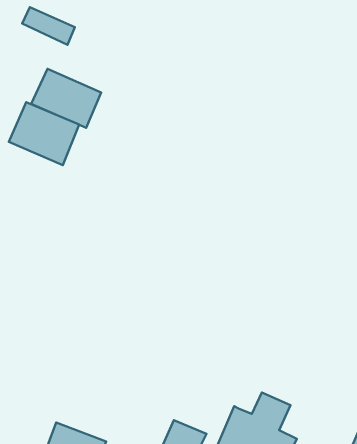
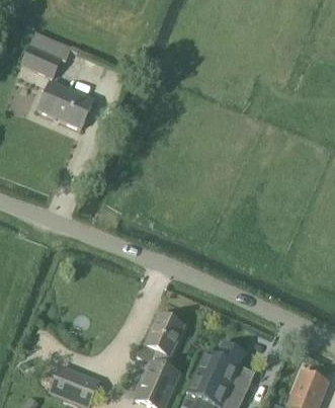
building: none -> [20,47,59,77]
building: [9,102,79,165] -> none
building: none -> [136,316,182,376]

